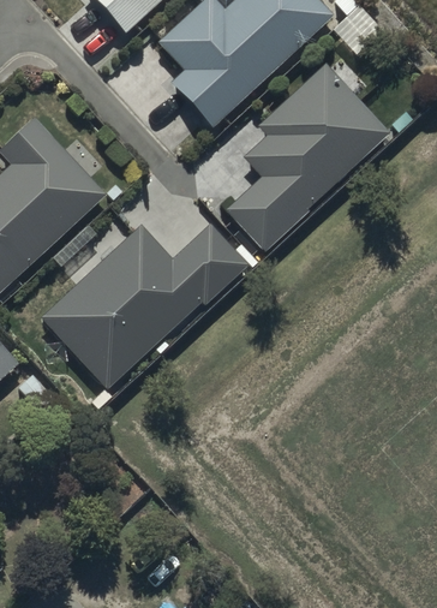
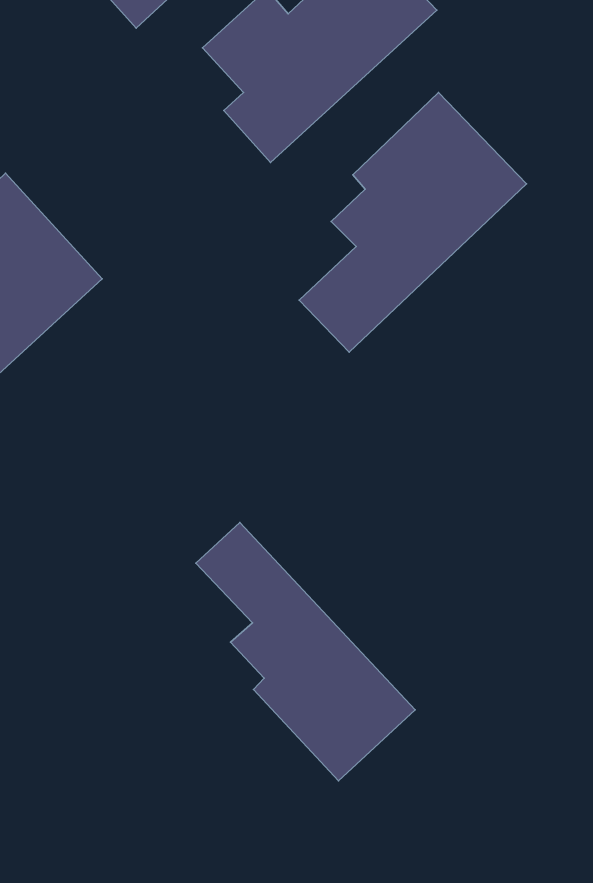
building: [47,232,244,386] -> none
building: none -> [196,523,415,781]

